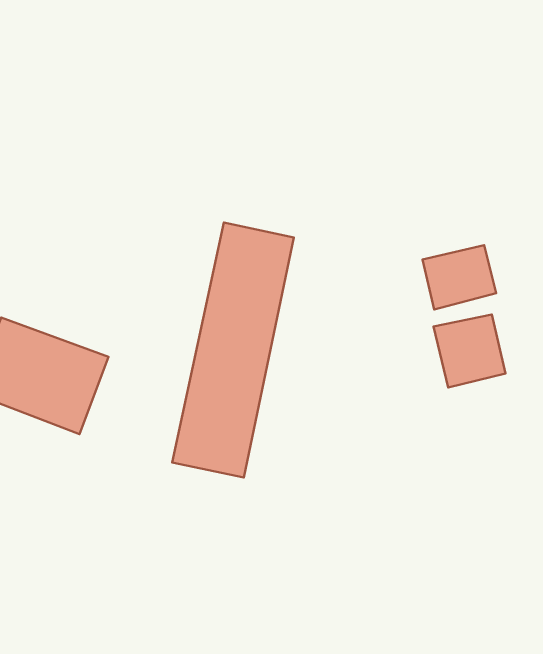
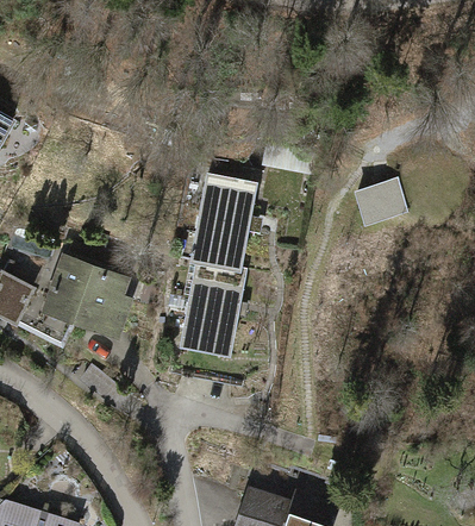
building: [434,314,505,387] -> none

